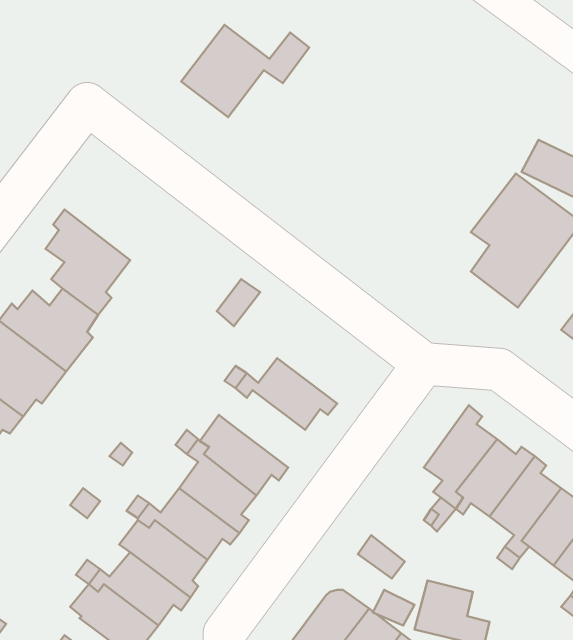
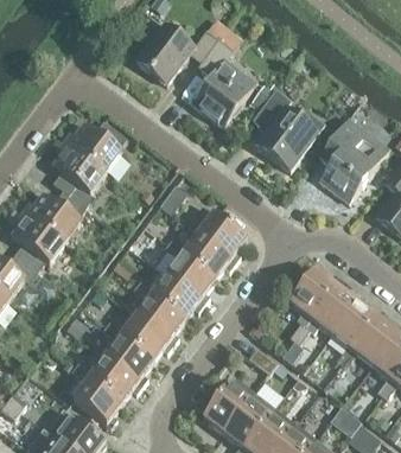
building: none -> [192,39,255,126]
building: none -> [255,89,324,171]
building: none -> [63,121,126,173]
building: none -> [187,206,246,263]
building: none -> [166,255,215,304]

